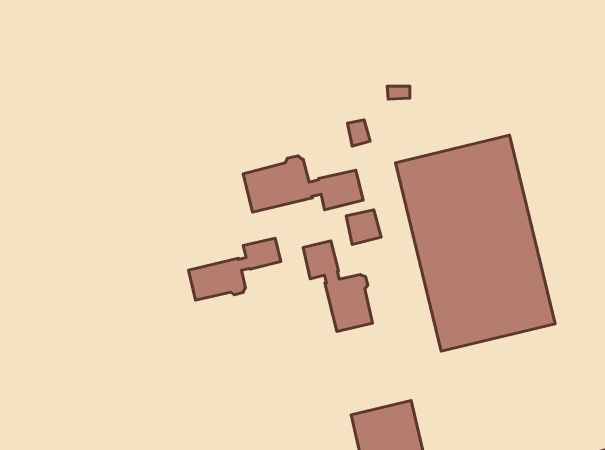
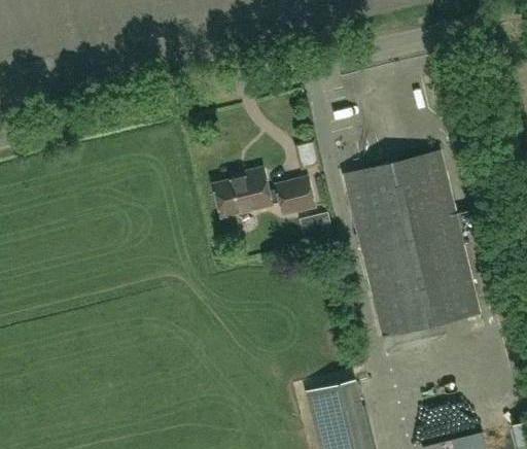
building: [189,238,281,300] -> none
building: [303,241,372,332] -> none

